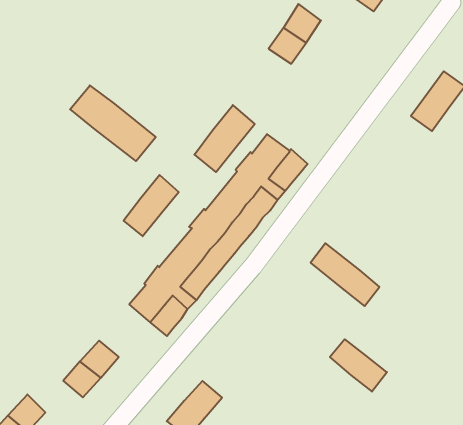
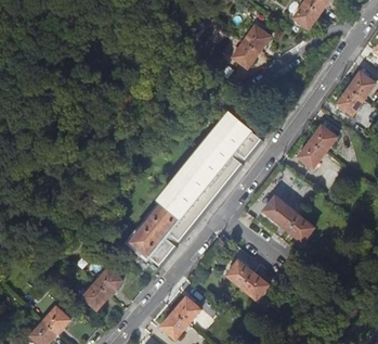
building: [70,85,156,161] -> none
building: [194,105,255,172] -> none
building: none -> [298,126,336,168]
building: [124,175,179,236] -> none
building: [330,339,387,392] -> [225,262,266,300]

